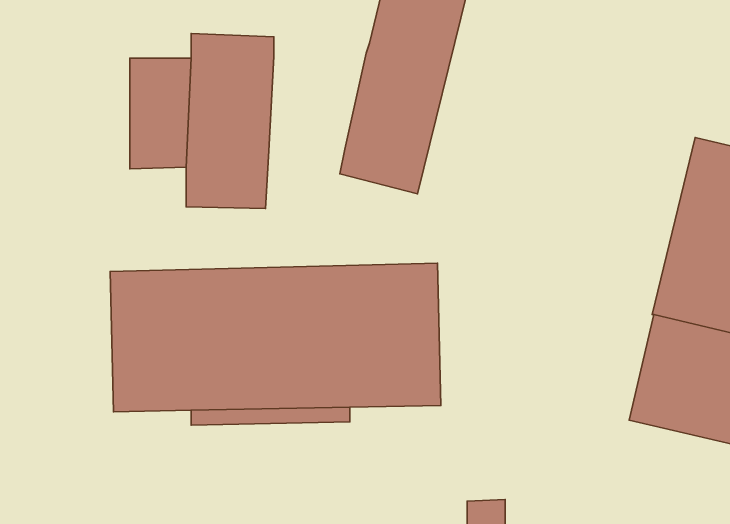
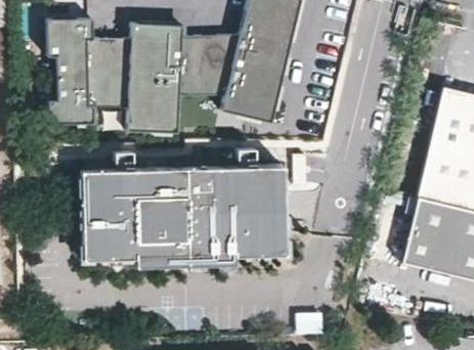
building: none -> [46,18,92,123]
building: none -> [178,35,239,95]

